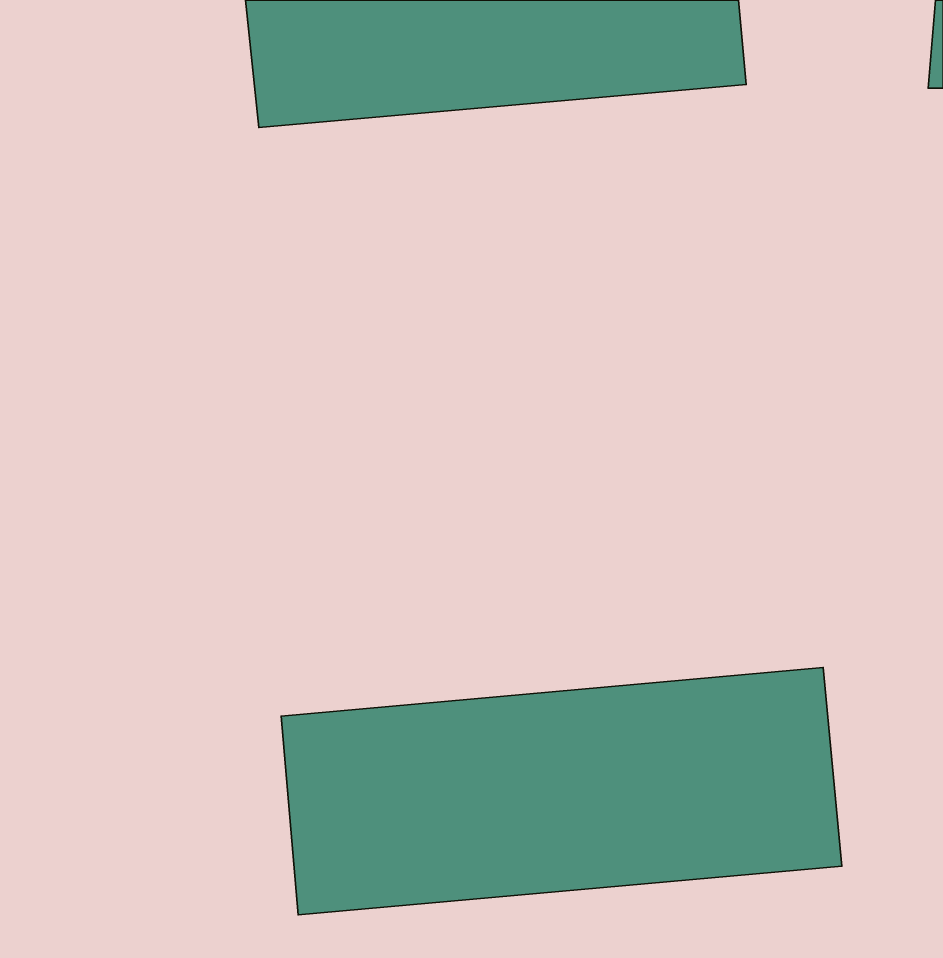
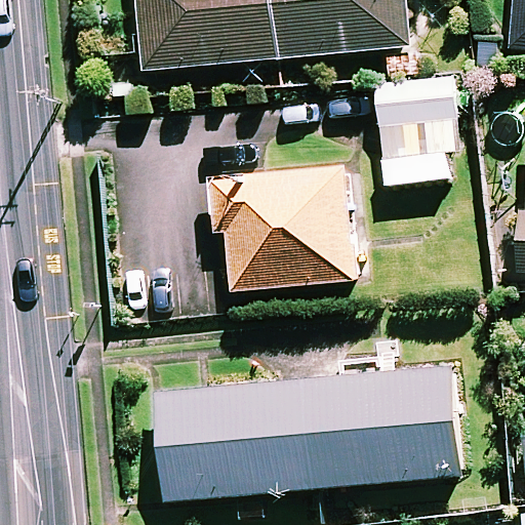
building: none -> [374,50,455,157]
building: none -> [209,166,354,290]

